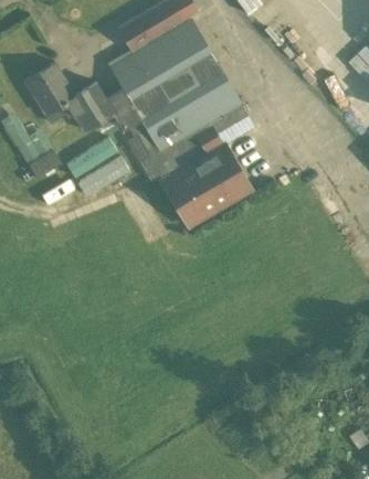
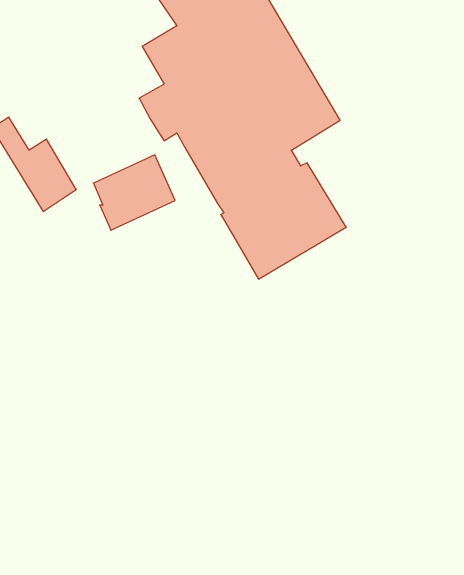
building: [24,64,113,132] -> none

